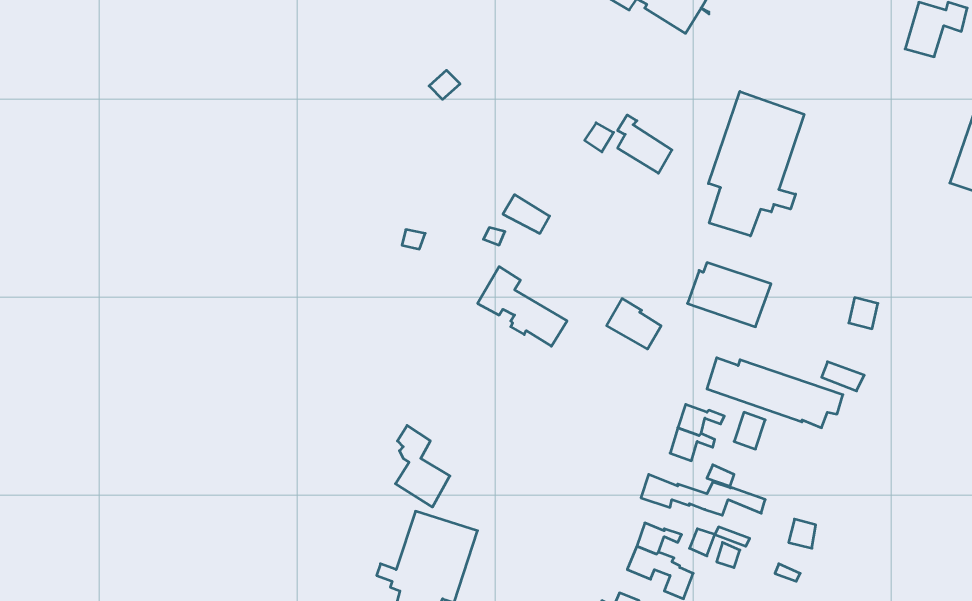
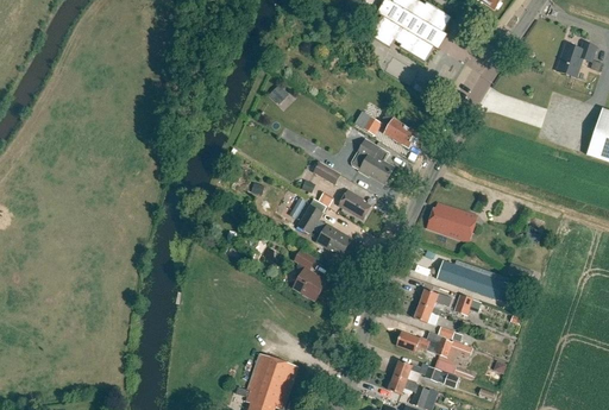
building: [708,91,804,236] -> none
building: none -> [358,139,395,183]
building: [607,299,661,349] -> [339,189,372,220]
building: [395,425,450,507] -> [295,250,328,299]

